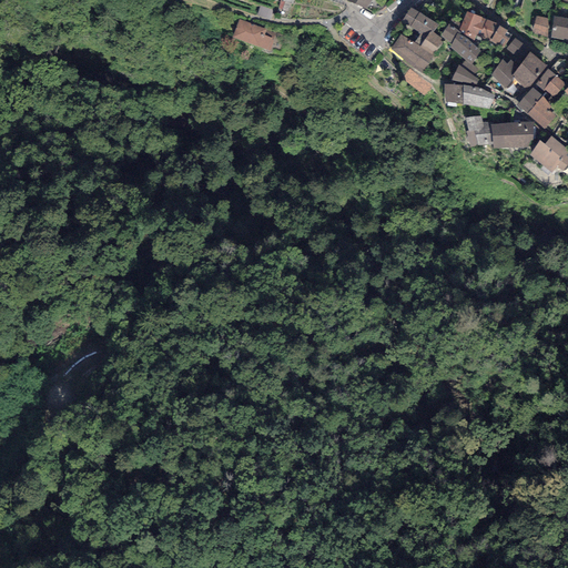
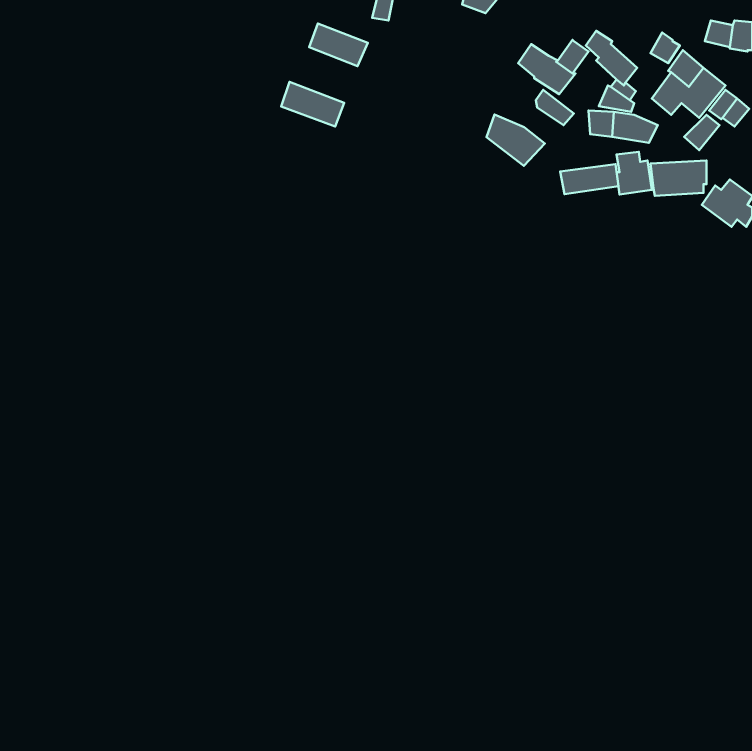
building: [402,7,438,45] -> none
building: [459,11,498,40] -> none
building: none -> [281,82,344,126]
building: none -> [486,114,545,166]
building: [527,94,557,128] -> none
building: none -> [560,164,618,194]

